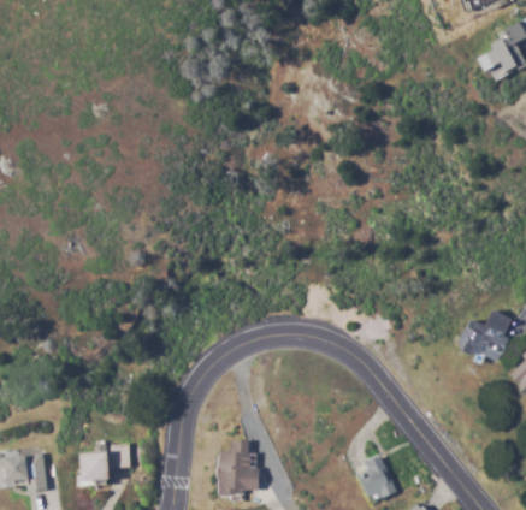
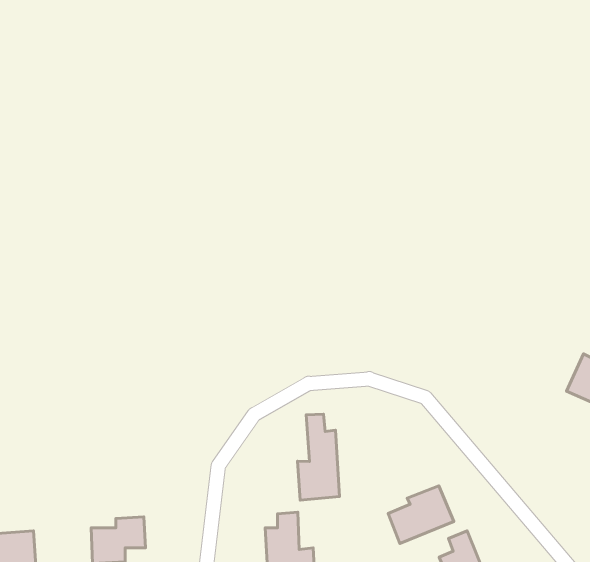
building: none -> [298,414,339,500]
building: none -> [388,486,454,543]

